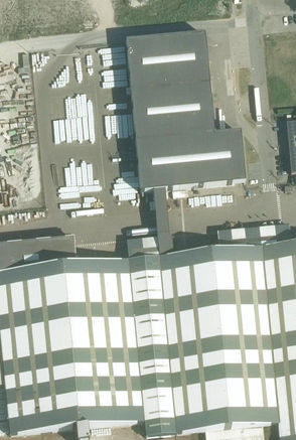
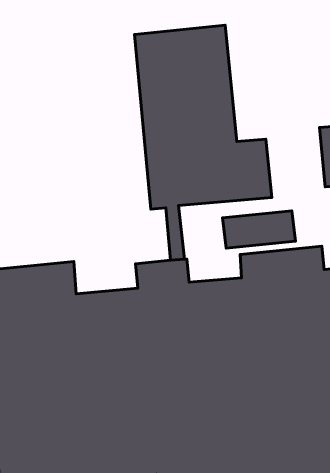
building: none -> [222,211,296,248]

